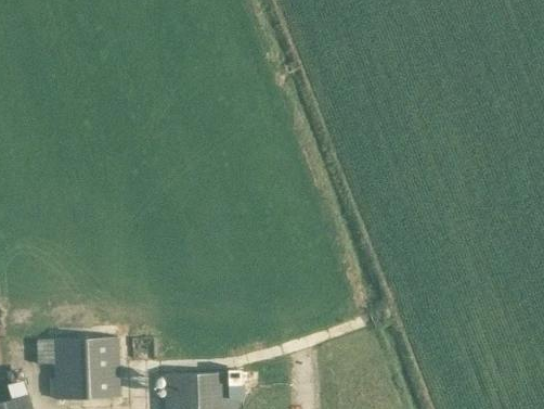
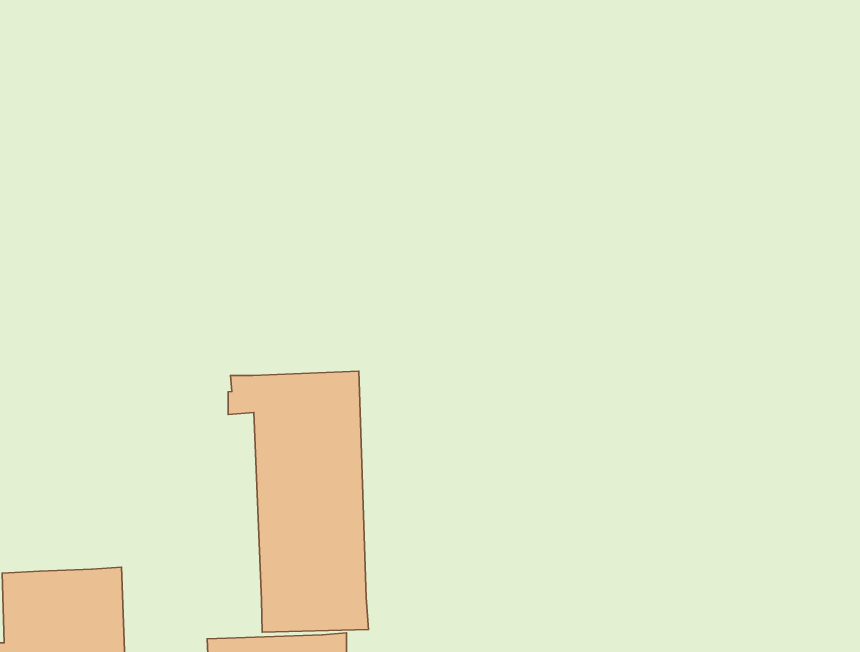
building: none -> [228,371,369,632]

